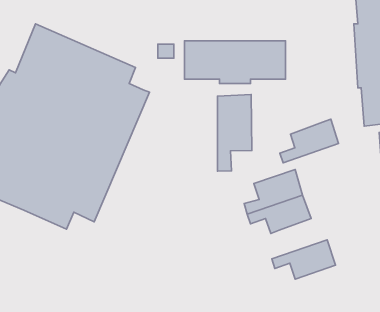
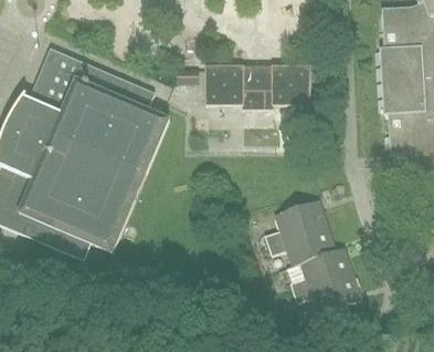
building: [217,95,252,171] -> none
building: [280,119,338,163] -> [292,248,352,293]

